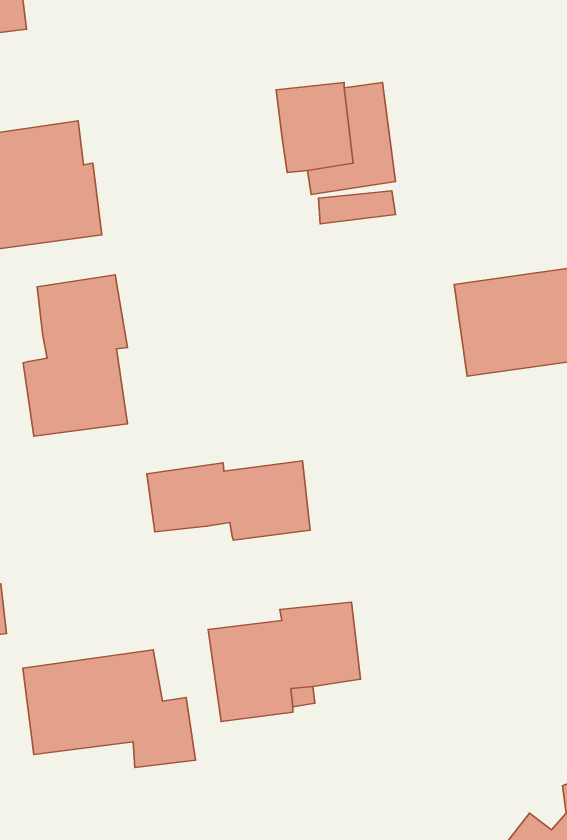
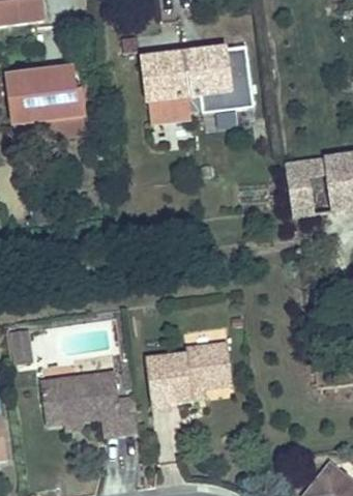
building: none -> [141,52,190,123]
building: [23,275,128,436] -> none
building: [147,461,310,540] -> none

